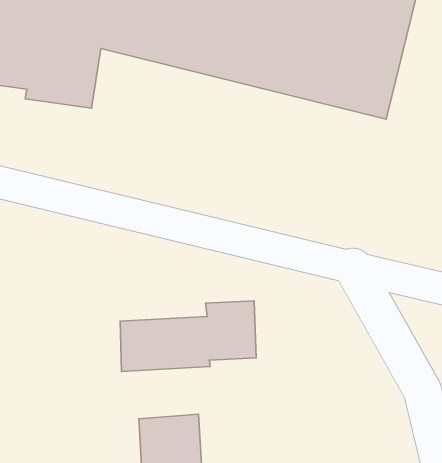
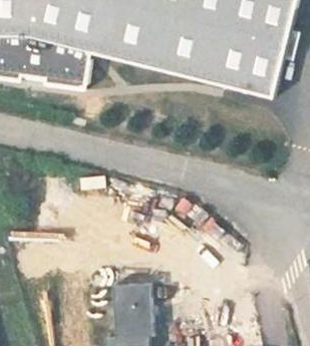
building: [120,301,256,372] -> none

